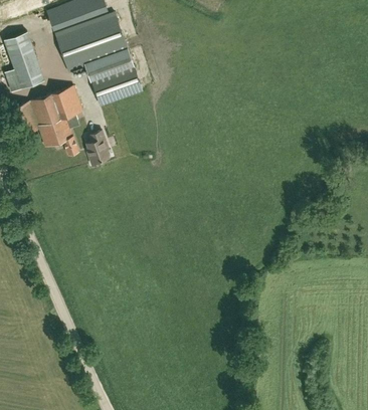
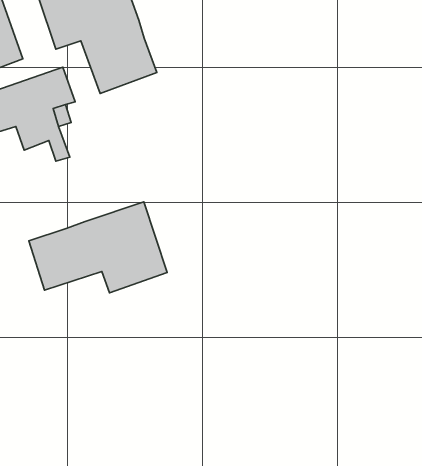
building: [85,131,108,166] -> none
building: none -> [29,202,167,293]

